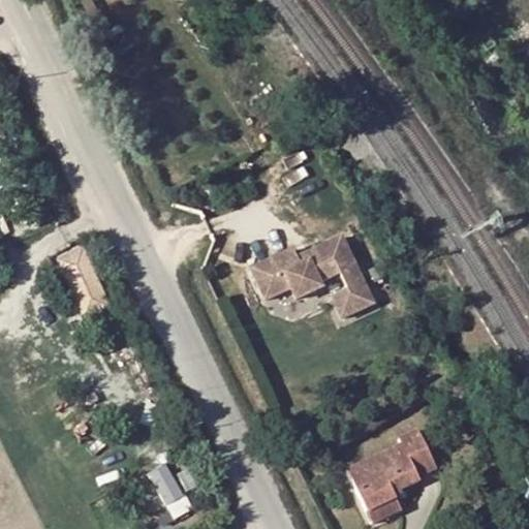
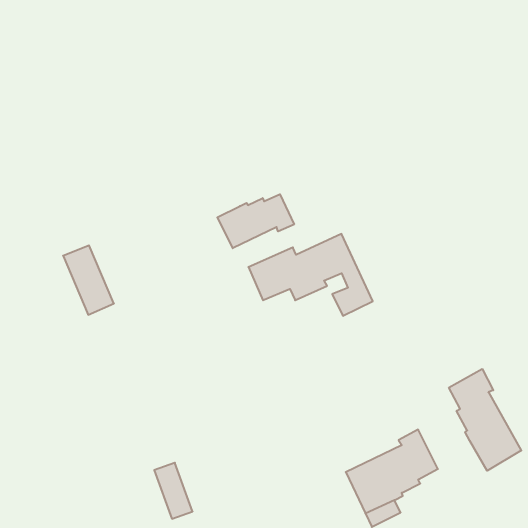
building: none -> [217,194,294,248]
building: none -> [449,369,521,471]

